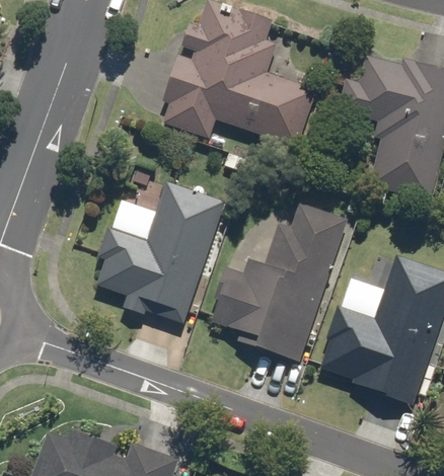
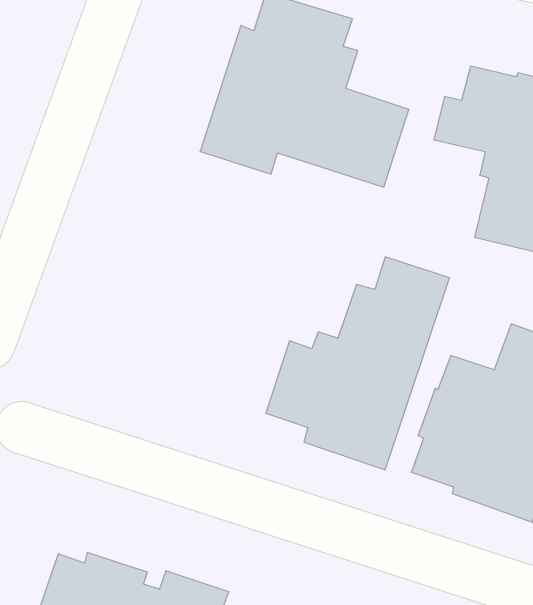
building: [97,180,227,328] -> none

